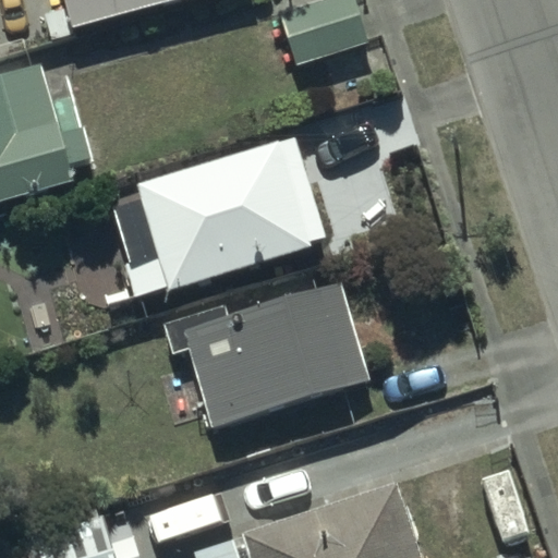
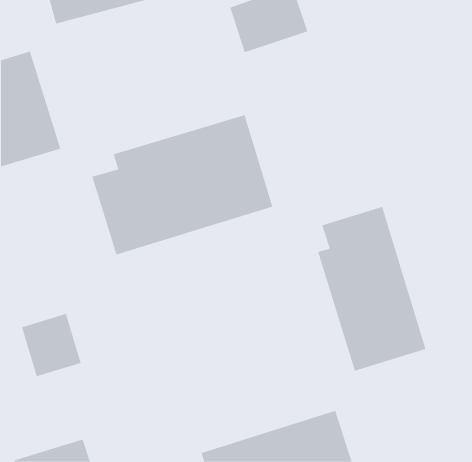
building: none -> [318,206,426,372]
building: [183,280,372,428] -> none

